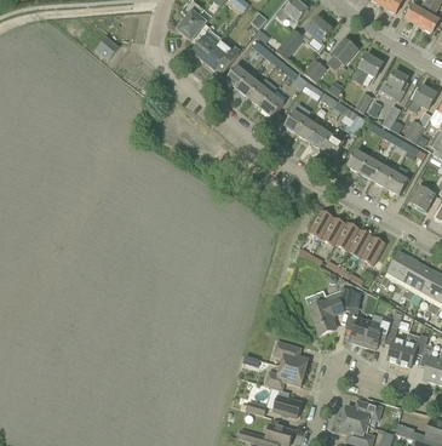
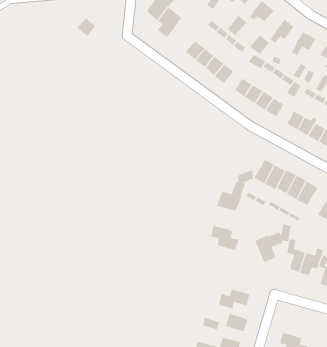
building: [203,39,239,70] -> none
building: none -> [216,170,253,212]
building: [274,342,309,372] -> [210,225,239,250]
building: [343,400,383,425] -> none

